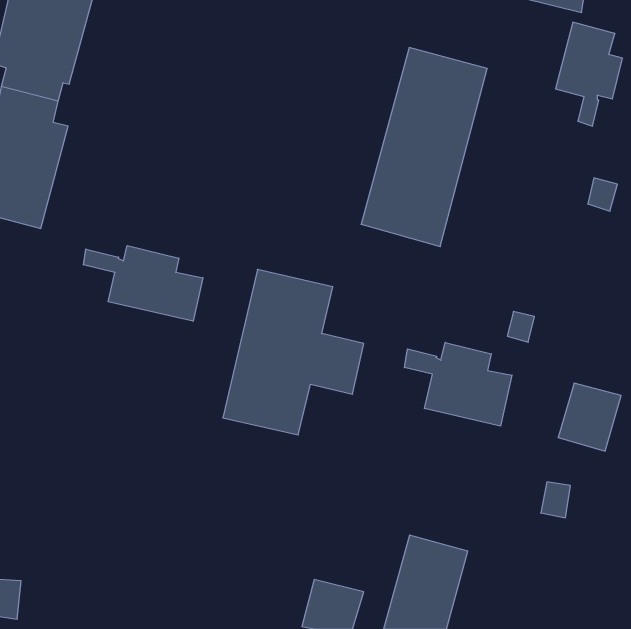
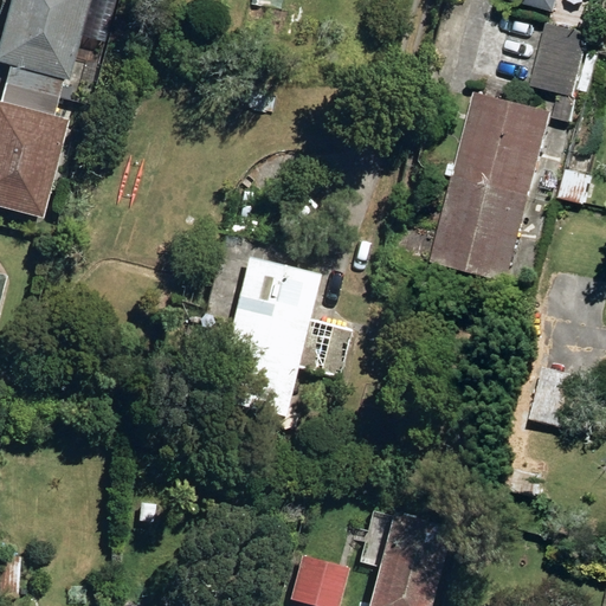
building: [361,48,487,247] -> [431,91,552,282]
building: [84,246,203,321] -> none
building: [405,342,512,426] -> none

